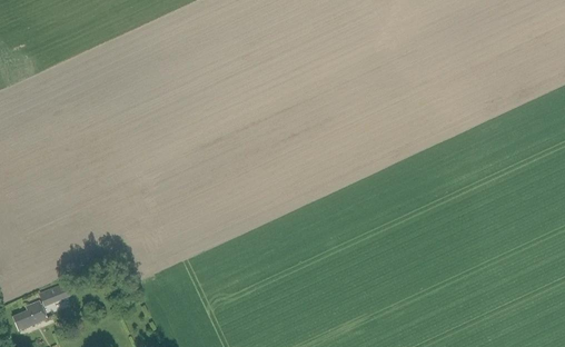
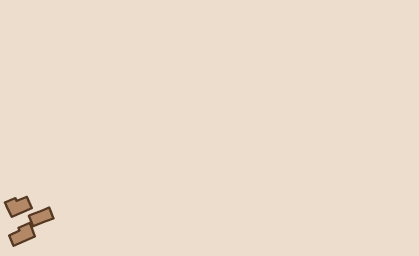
building: none -> [5,197,32,217]

